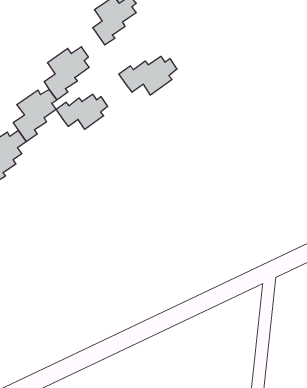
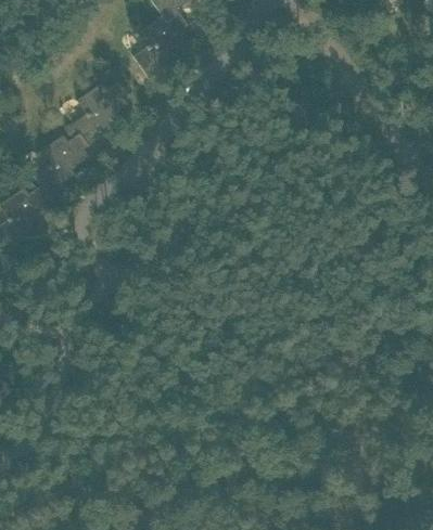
building: [119,56,177,95] -> none
building: [56,94,108,129] -> none

